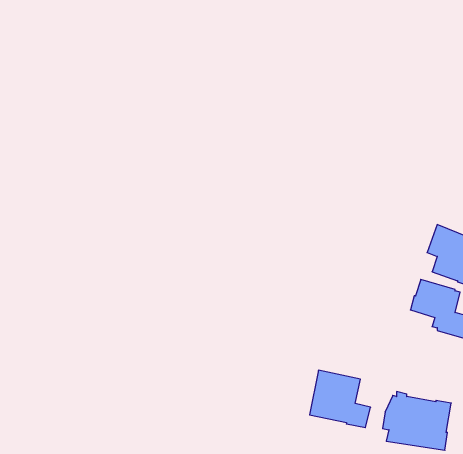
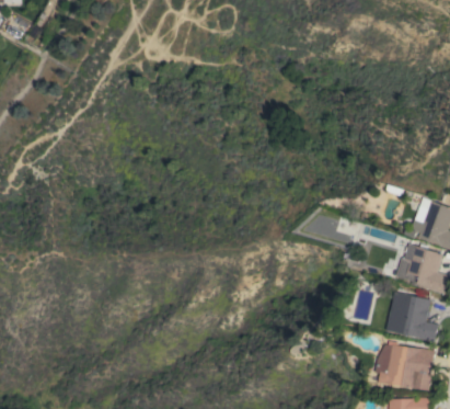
building: [310,370,371,428] -> [385,292,438,341]

